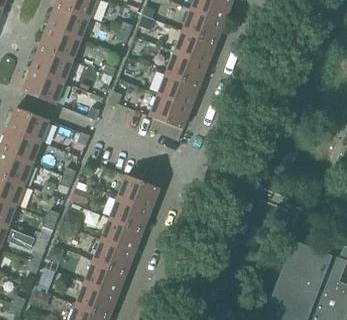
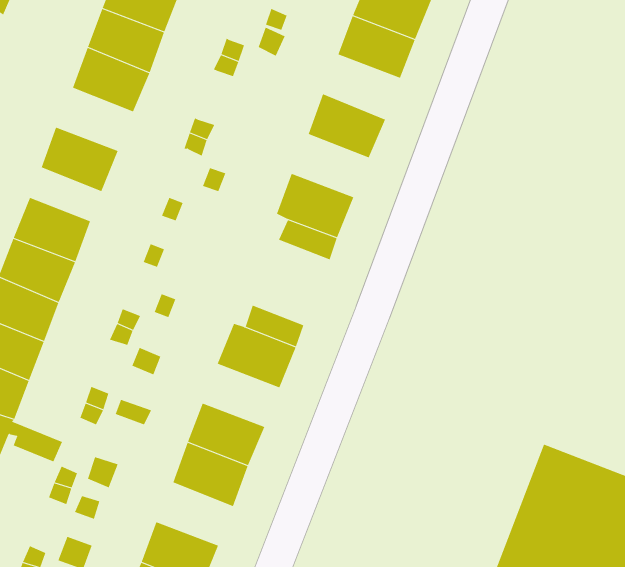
building: [174,31,216,66] -> none
building: [30,49,72,83] -> none
building: [157,74,199,108] -> none
building: [109,198,151,232] -> none
building: [84,262,126,296] -> none

